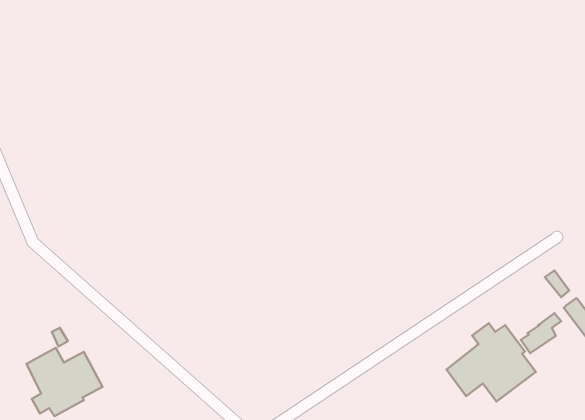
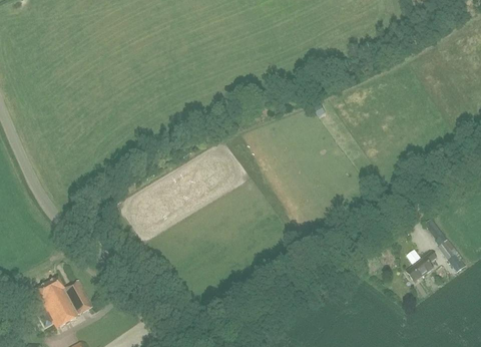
building: [446,323,536,401] -> none

